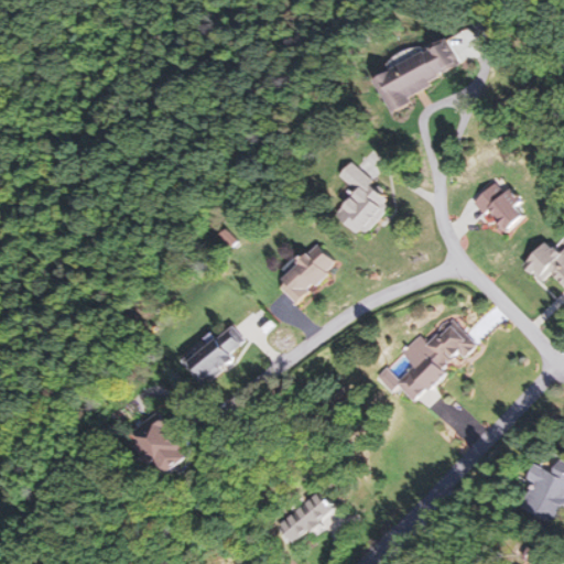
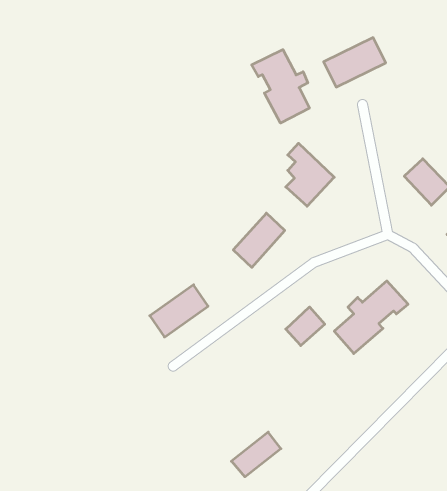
building: none -> [252,50,309,123]
building: none -> [286,307,325,346]
building: [129,412,185,474] -> none

